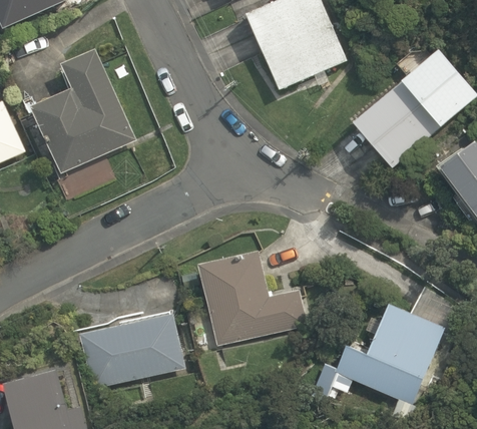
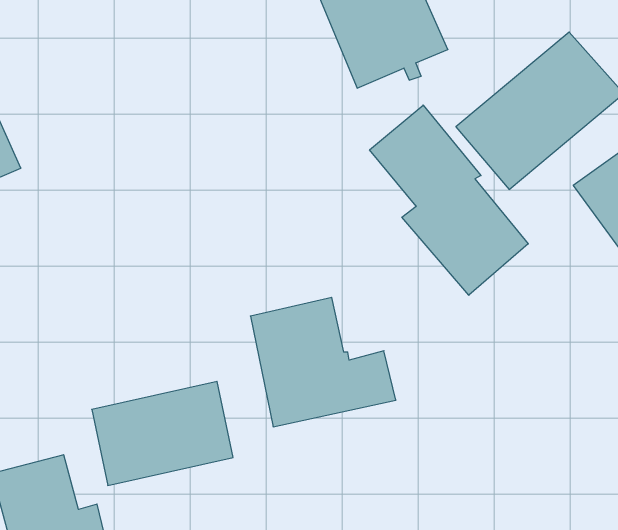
building: [31,48,136,174] -> none
building: none -> [370,105,528,295]
building: [310,286,461,419] -> none

